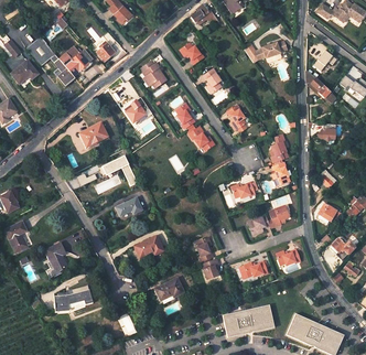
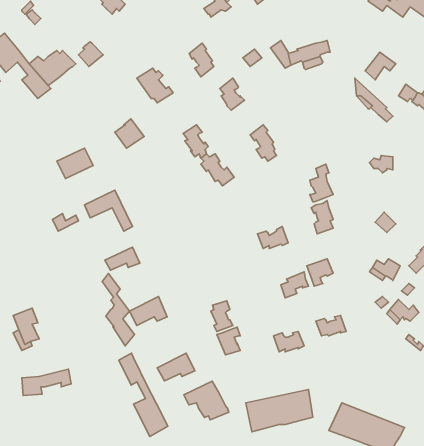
building: none -> [102,273,135,346]
building: none -> [119,353,168,436]
building: none -> [184,381,229,420]

